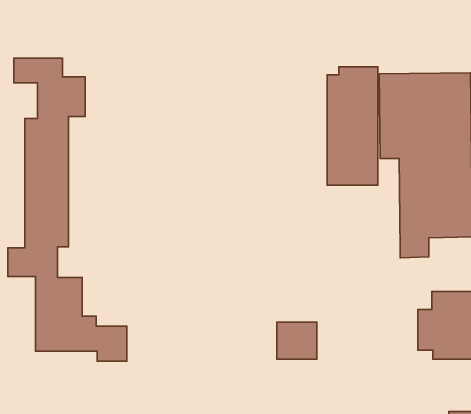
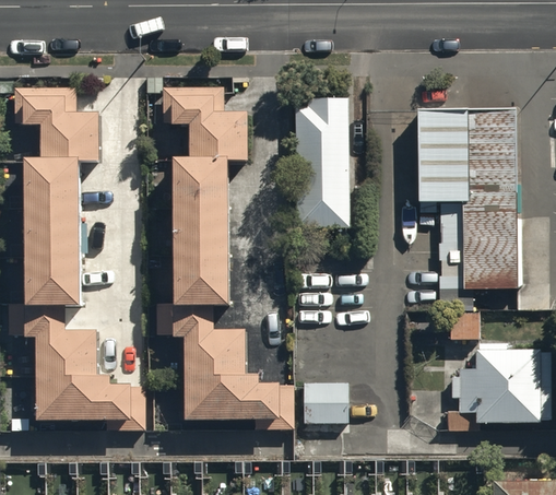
building: none -> [158,90,287,423]
building: [327,67,378,185] -> [296,99,352,229]

